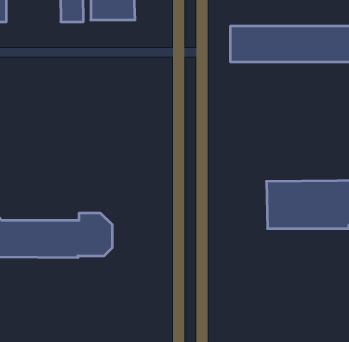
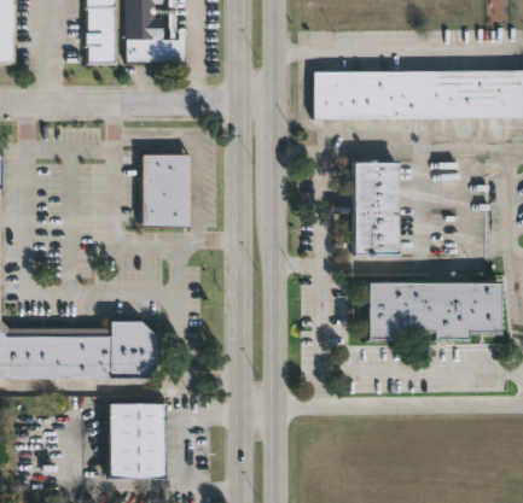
building: none -> [140,154,188,228]
building: none -> [353,159,397,253]
building: none -> [109,402,164,476]

